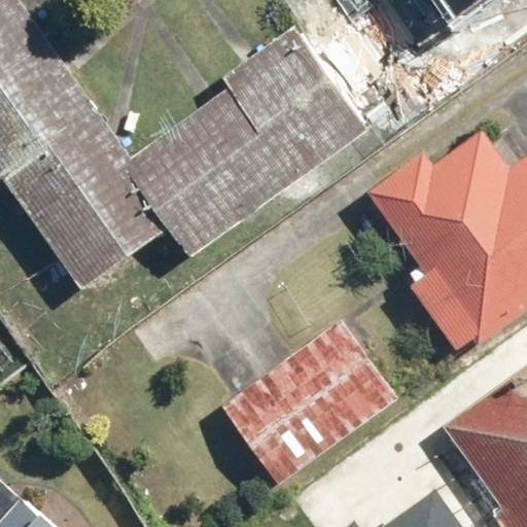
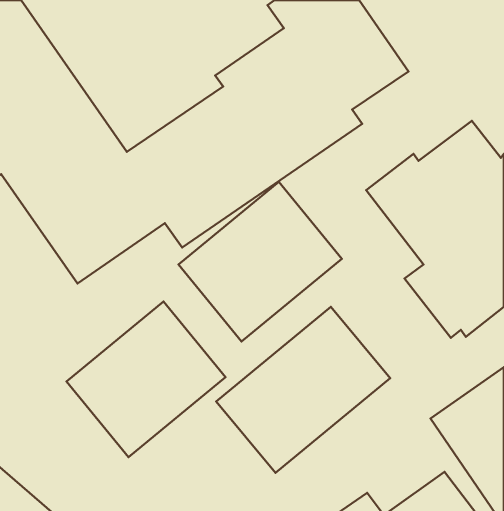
building: none -> [178,182,342,342]
building: none -> [67,301,226,457]

